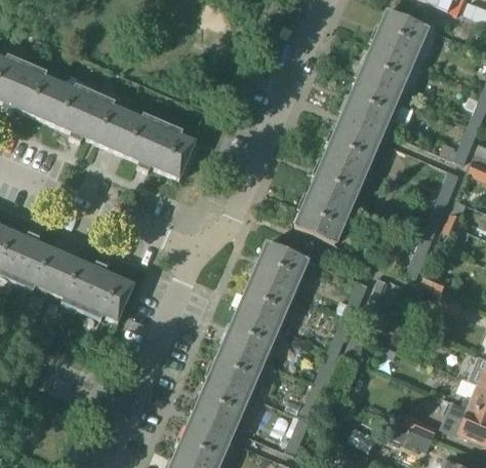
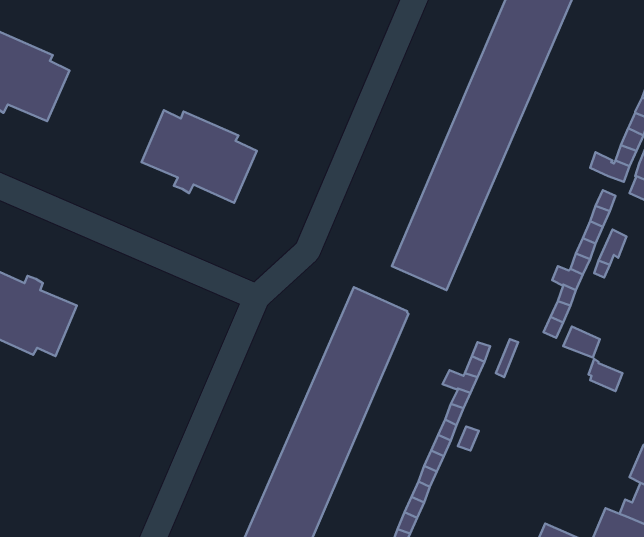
building: [44,78,129,150] -> none
building: [50,255,134,321] -> none

